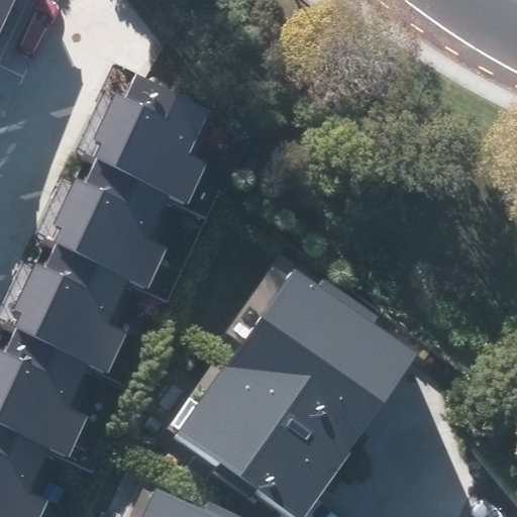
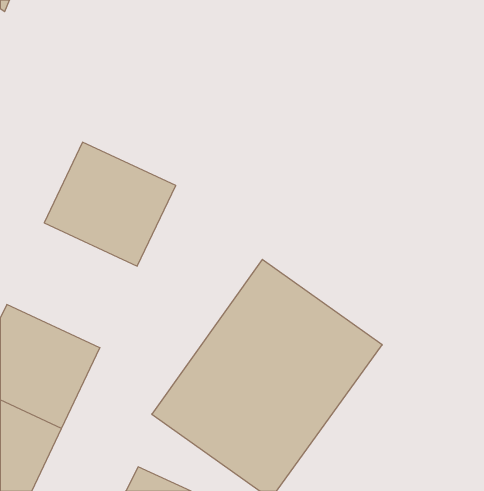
building: [94,64,231,195] -> none
building: [14,234,151,366] -> none

